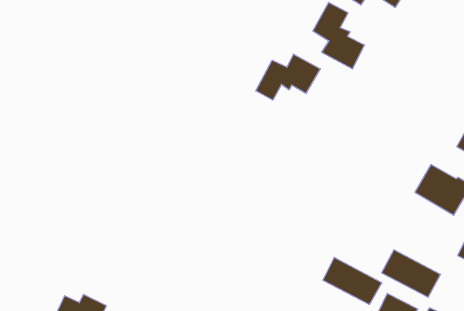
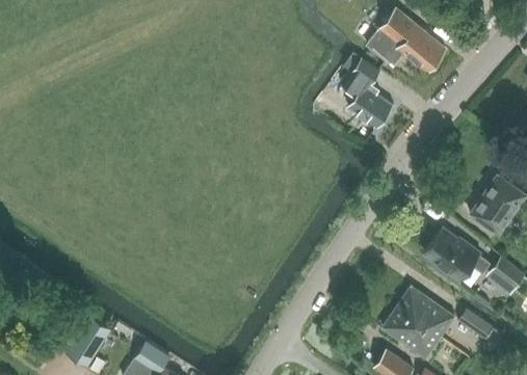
building: [256,54,320,100] -> none
building: [323,257,382,305] -> [396,286,453,336]

